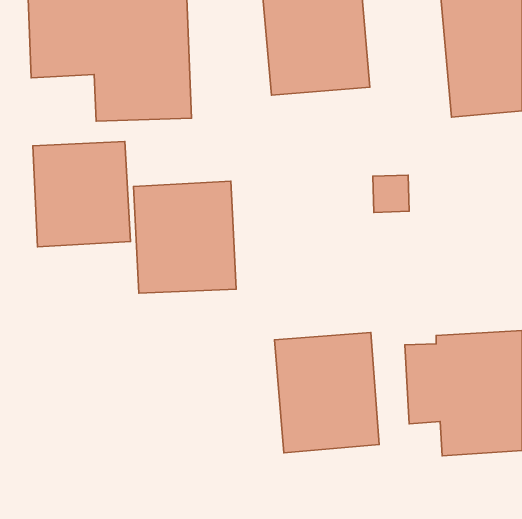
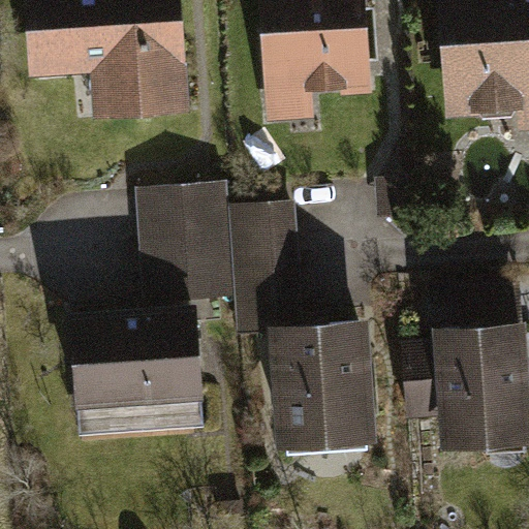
building: [33,142,131,247] -> none
building: none -> [231,204,297,336]
building: none -> [74,306,203,423]

